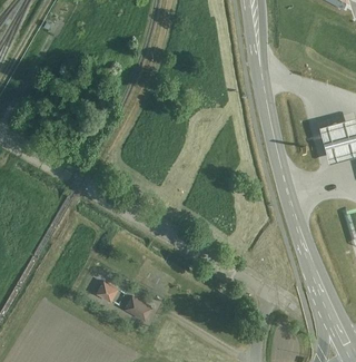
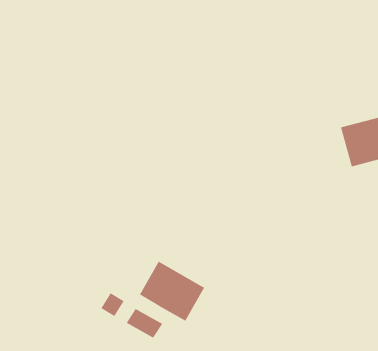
building: none -> [139,261,205,321]

